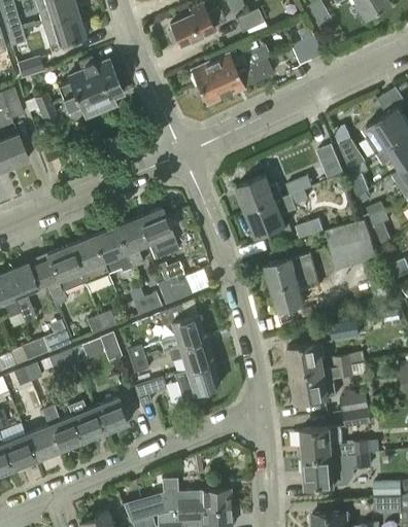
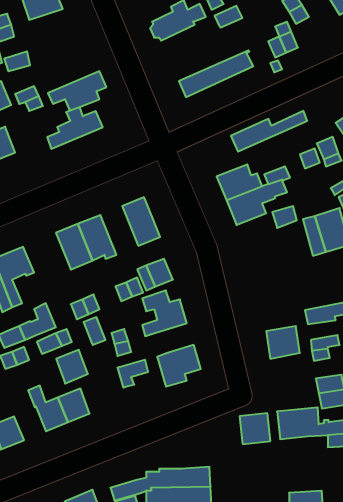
building: [41,12,88,47] -> none
building: [190,45,269,87] -> [231,111,307,152]
building: [57,57,114,100] -> [47,107,103,149]
building: [115,217,148,268] -> none
building: [35,245,84,306] -> none
building: [265,254,317,311] -> none
building: [168,339,212,370] -> none
building: [292,370,328,402] -> none
building: [95,397,128,432] -> [56,350,88,384]
building: [26,425,59,460] -> none
building: [302,456,334,488] -> [240,413,270,444]

